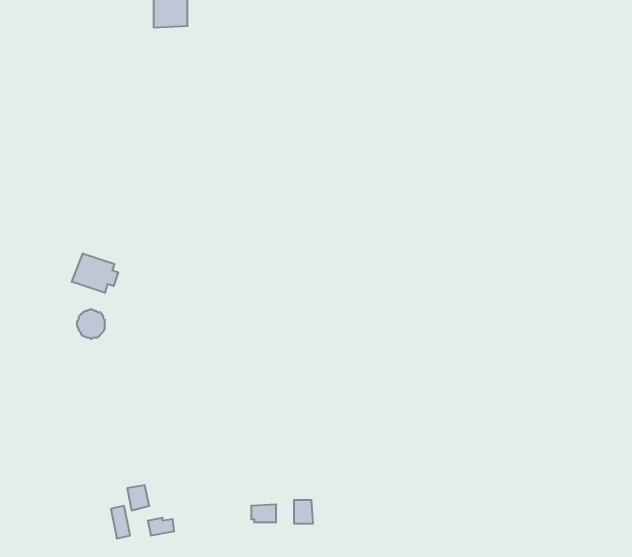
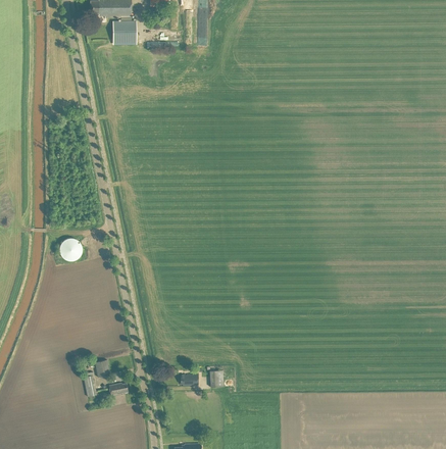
building: [72,253,118,293] -> none

